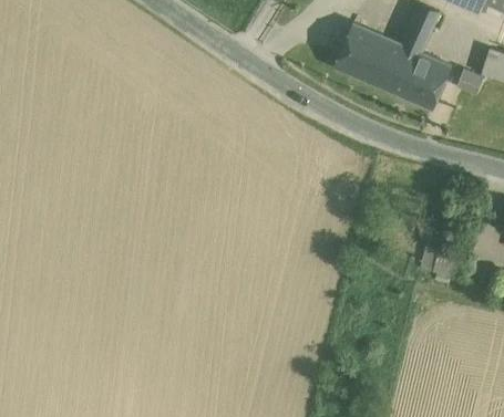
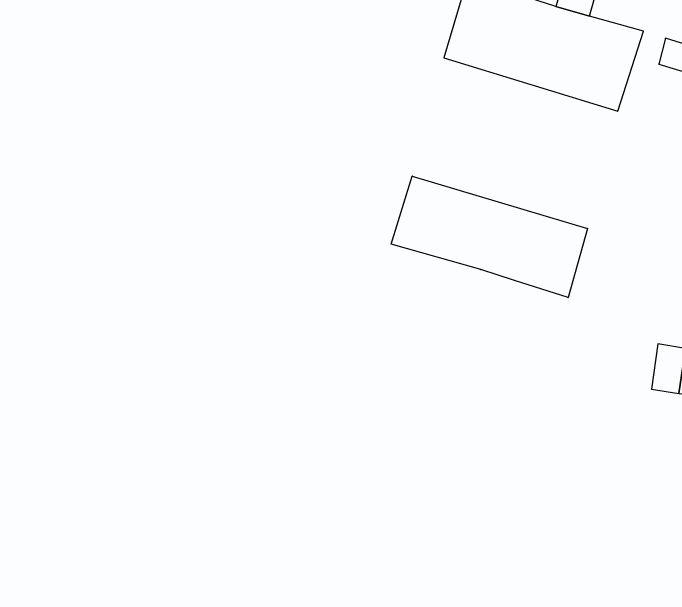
building: none -> [391,176,588,298]

